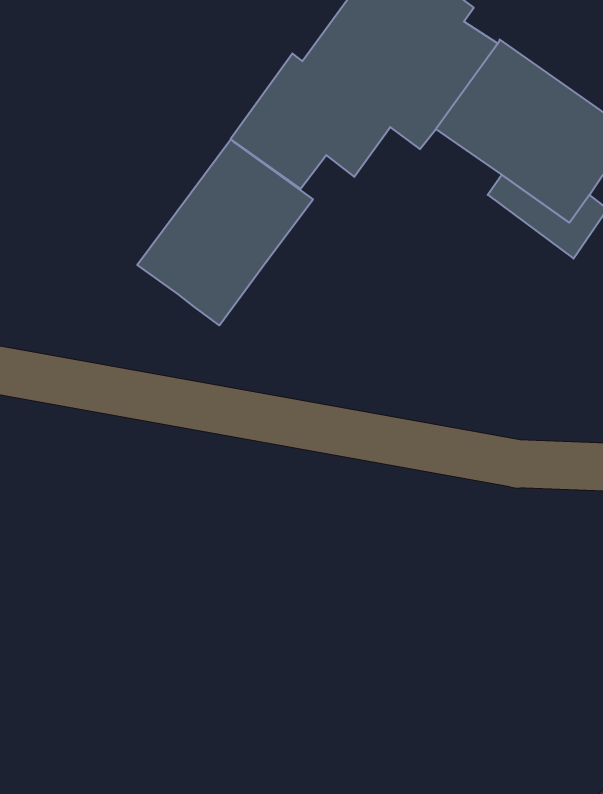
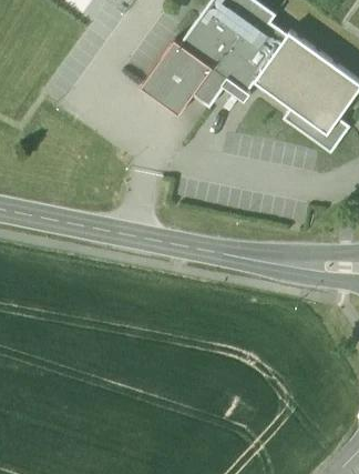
building: [137,139,313,325] -> none

